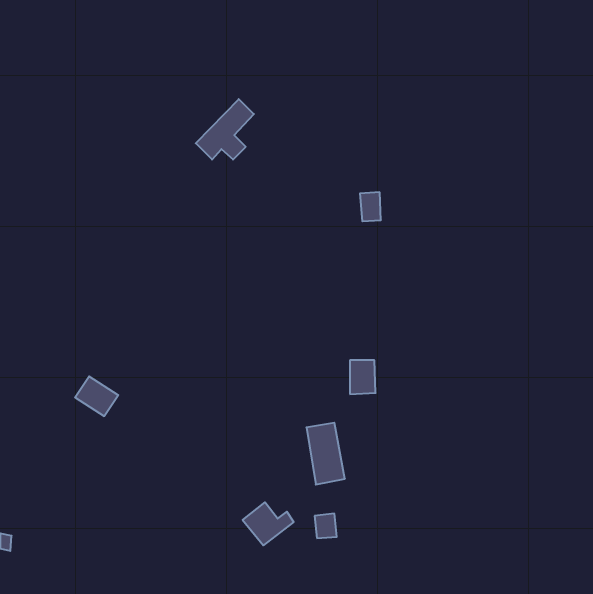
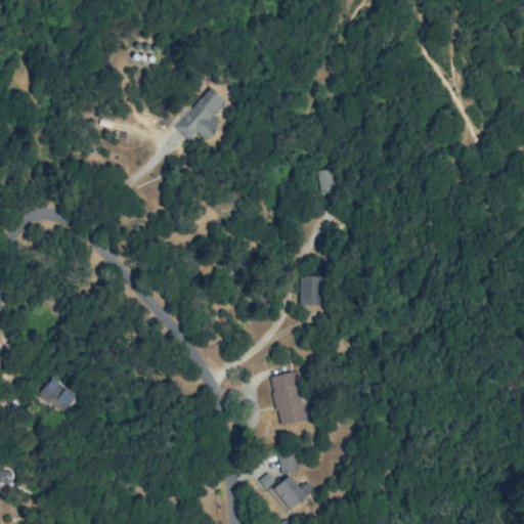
building: [350,360,376,394] -> [300,276,322,306]
building: [75,376,118,416] -> [38,379,76,413]
building: [243,502,294,545] -> [269,474,314,512]

